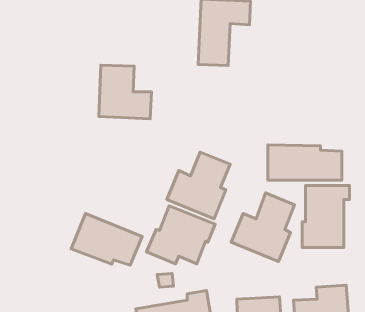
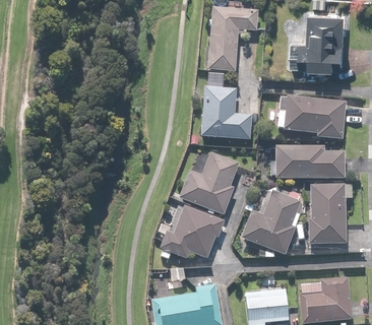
building: none -> [290,13,346,69]
building: [99,65,151,119] -> [202,88,252,139]
building: none -> [277,98,345,138]
building: [71,213,142,265] -> none

